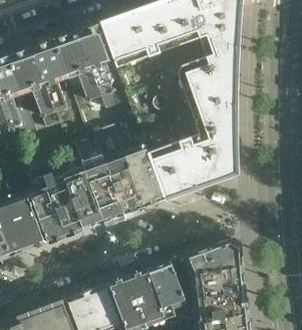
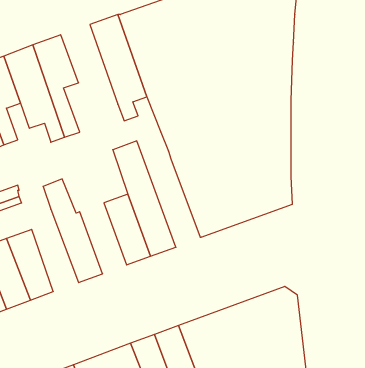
building: [54,29,99,96] -> none
building: [114,114,165,206] -> none
building: [69,171,106,227] -> none
building: [31,176,68,241] -> none

